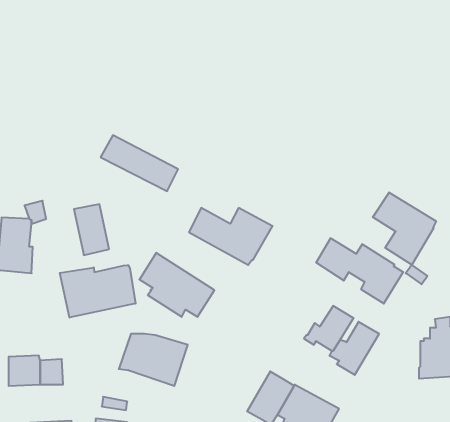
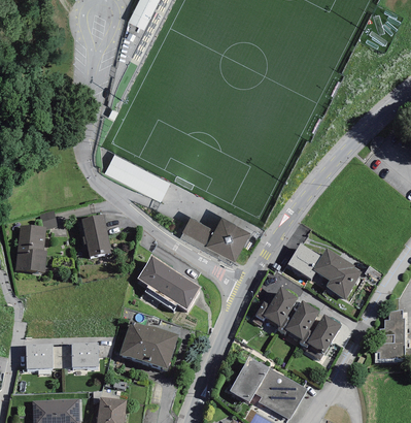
building: [373,192,436,265] -> none
building: [60,265,136,318] -> none
building: none -> [255,286,298,325]
building: none -> [71,341,99,367]

